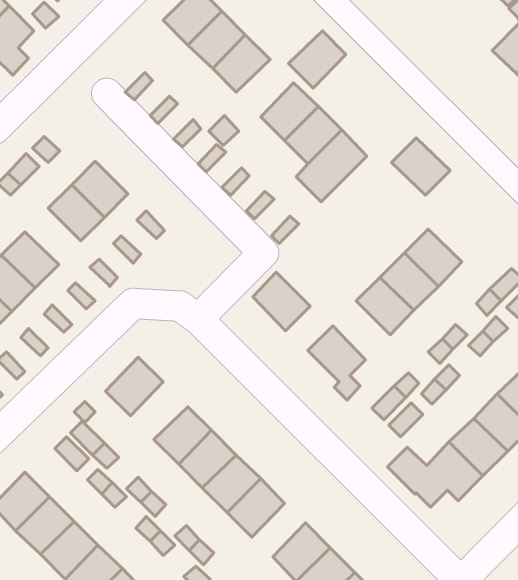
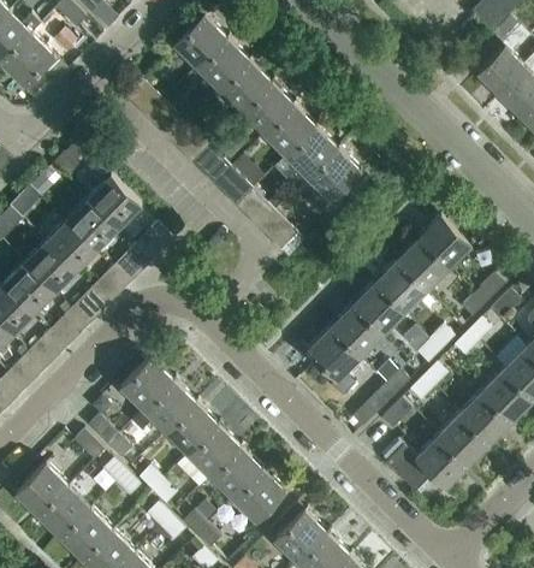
building: [288,31,346,88] -> [241,83,293,136]
building: [391,138,450,195] -> [417,217,471,270]
building: none -> [46,220,97,272]
building: [253,272,310,331] -> [330,306,382,360]
building: none -> [143,380,196,433]

